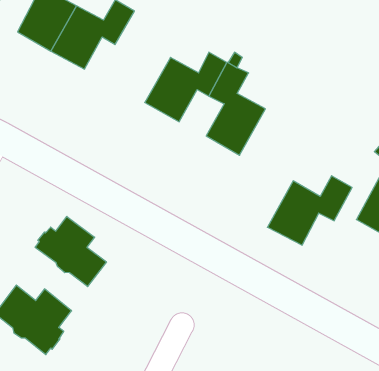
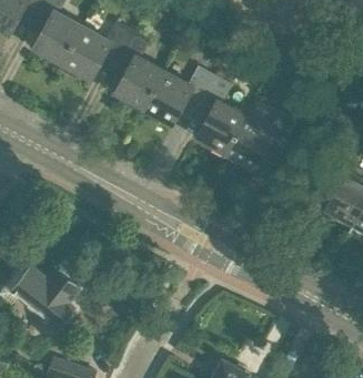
building: none -> [113,31,164,110]
building: [267,176,352,245] -> [224,111,298,171]
building: [35,216,106,287] -> none

